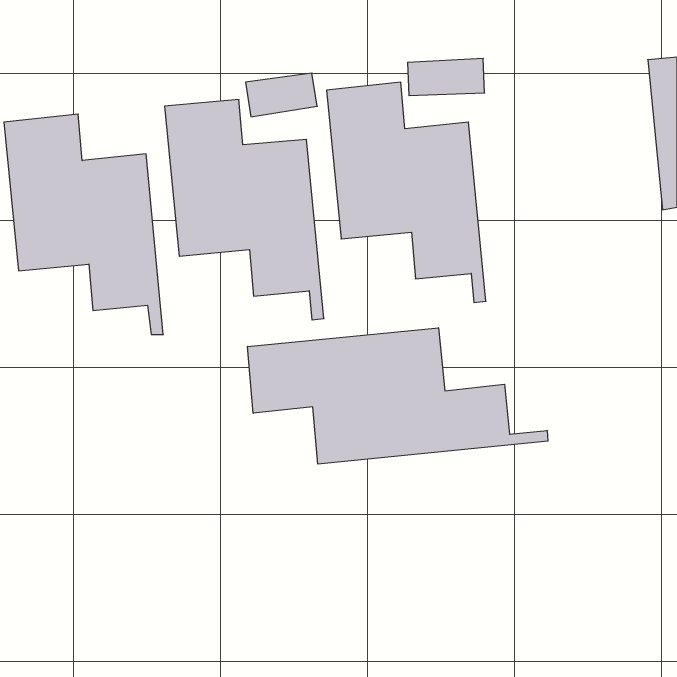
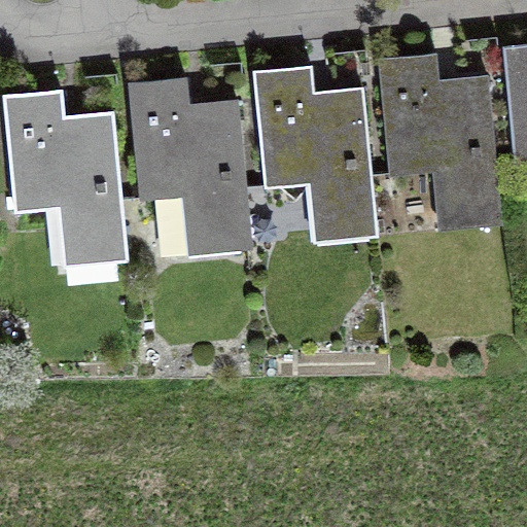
building: none -> [379,54,501,230]
building: [248,328,548,464] -> none

